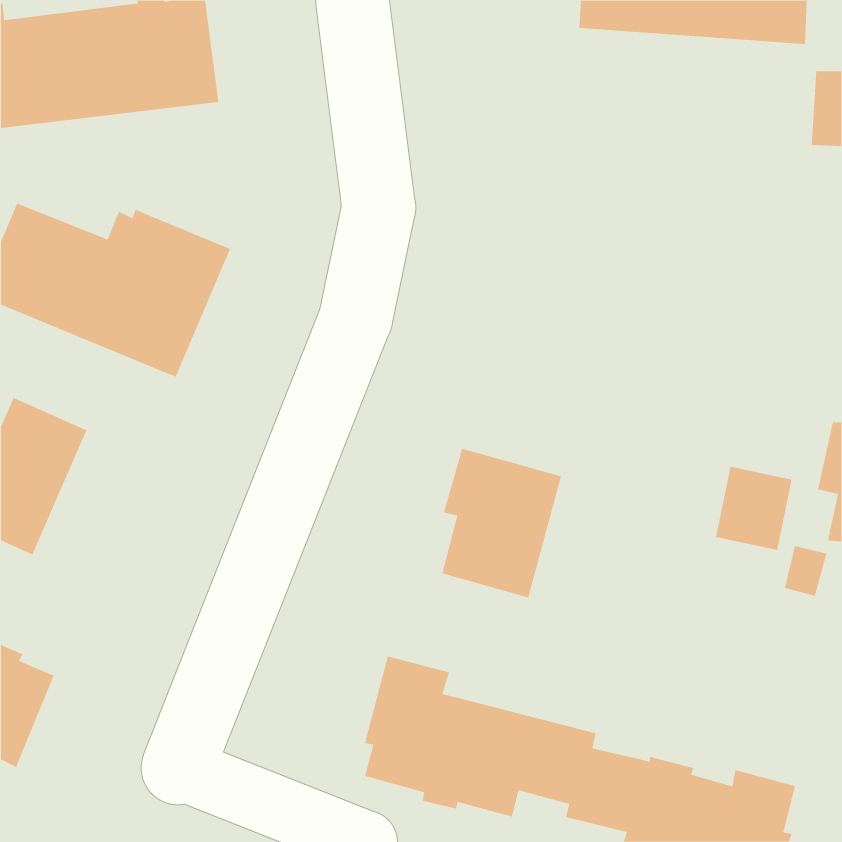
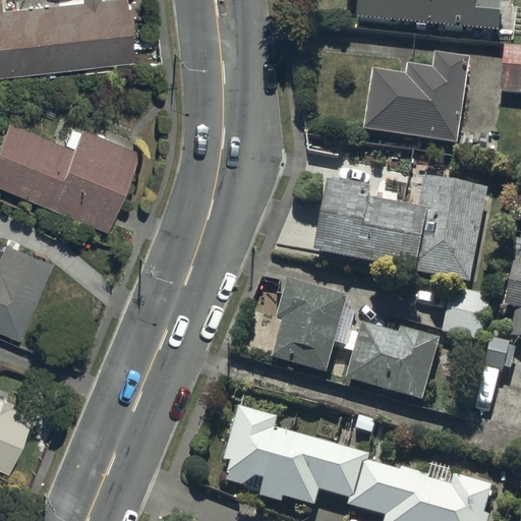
building: none -> [364,53,470,140]
building: none -> [312,173,488,280]
building: none -> [346,322,440,399]

